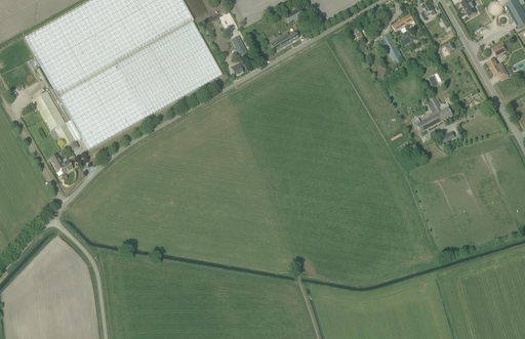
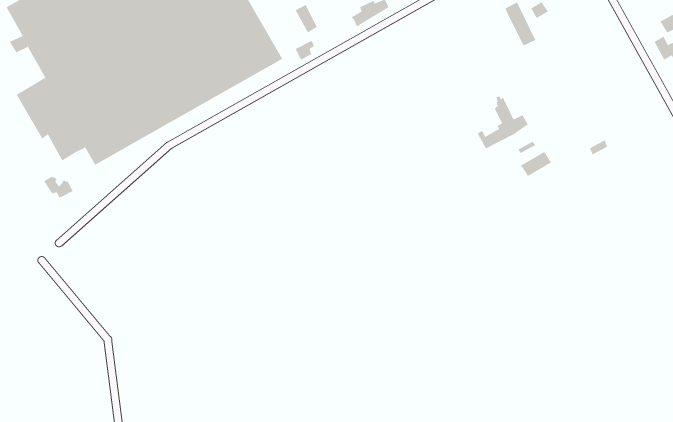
building: [415,93,452,131] -> [477,96,528,149]

